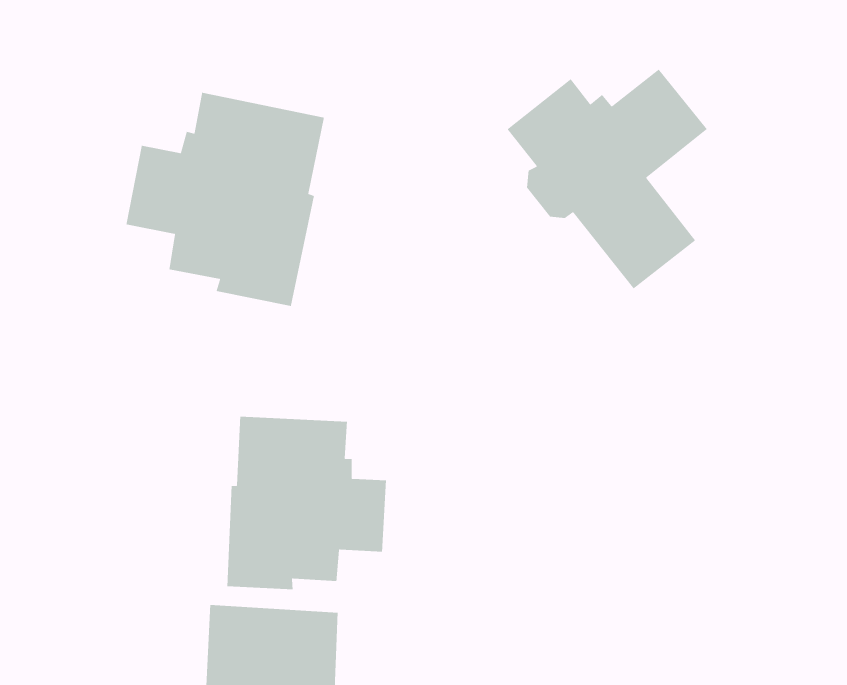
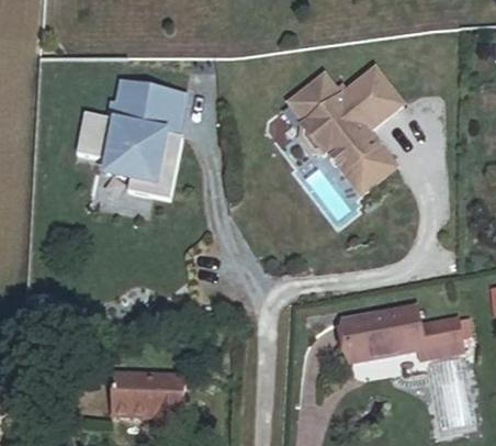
building: [227,416,387,590] -> none
building: none -> [339,305,464,365]

